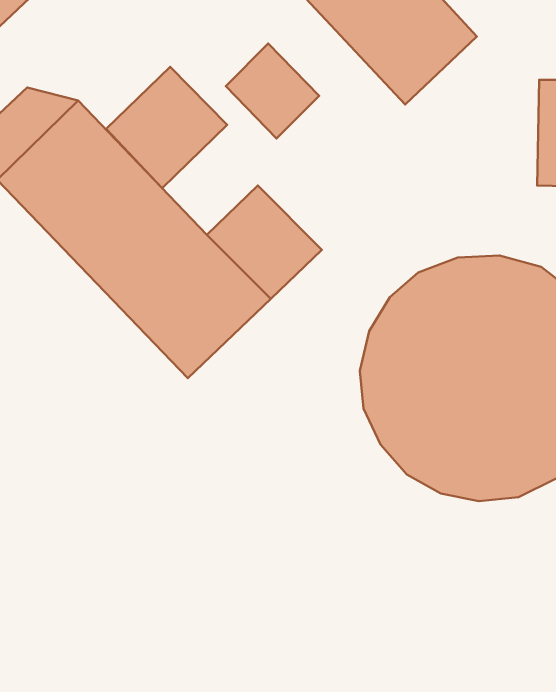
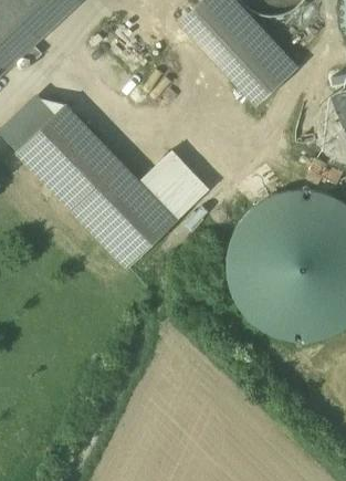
building: [226,43,319,139] -> none
building: [106,67,227,188] -> none

